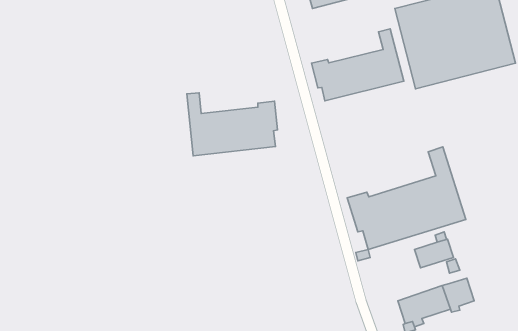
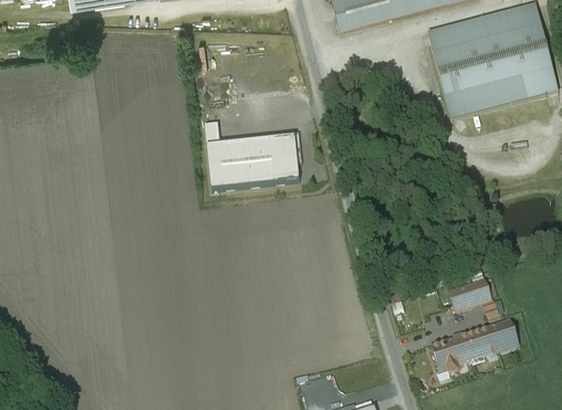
building: [312,29,404,101] -> none
building: [347,147,466,249] -> none

